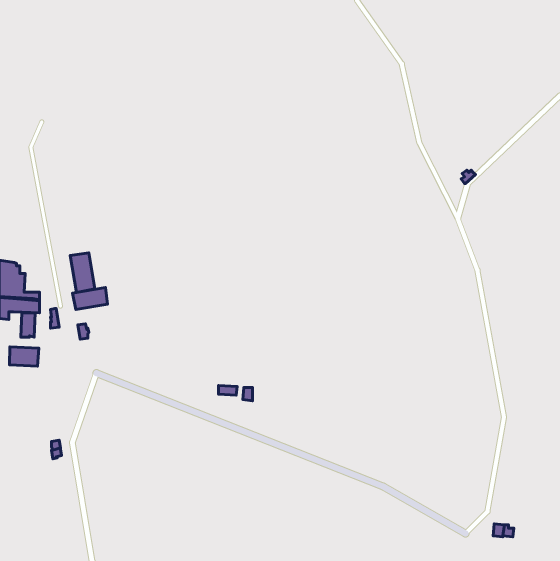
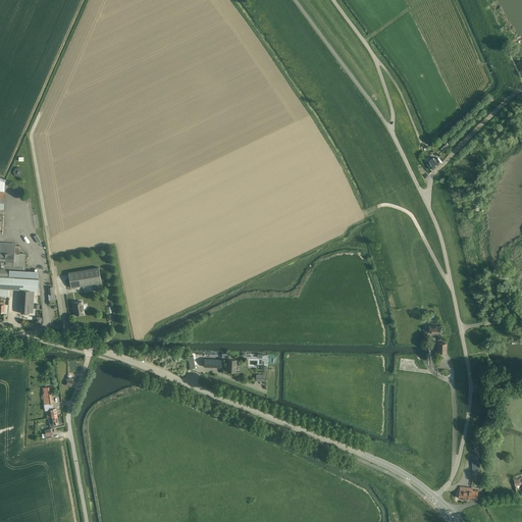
building: [70,253,95,292] -> none
building: [10,347,39,366] -> none

